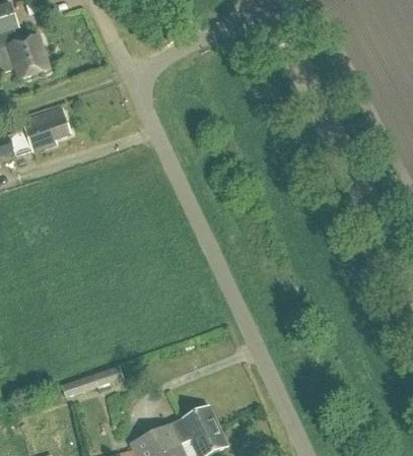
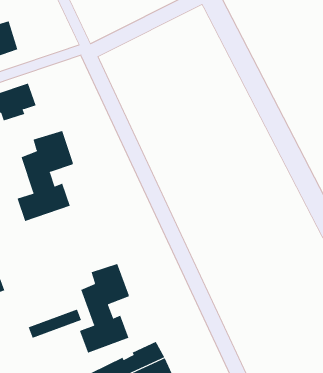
building: none -> [17,130,73,222]
building: none -> [79,263,129,354]

